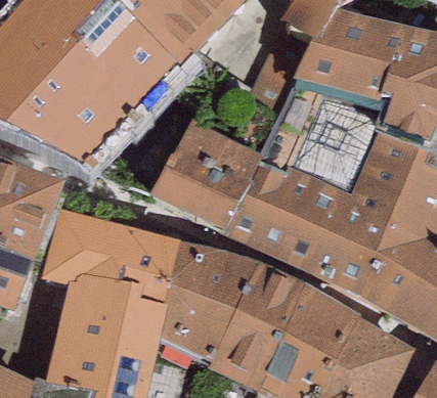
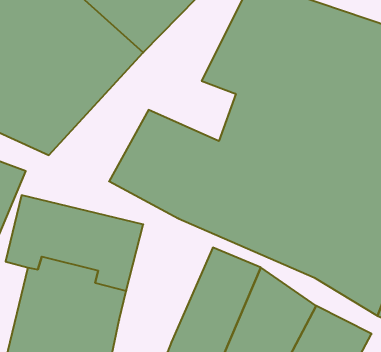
building: [160,238,255,358] -> none

